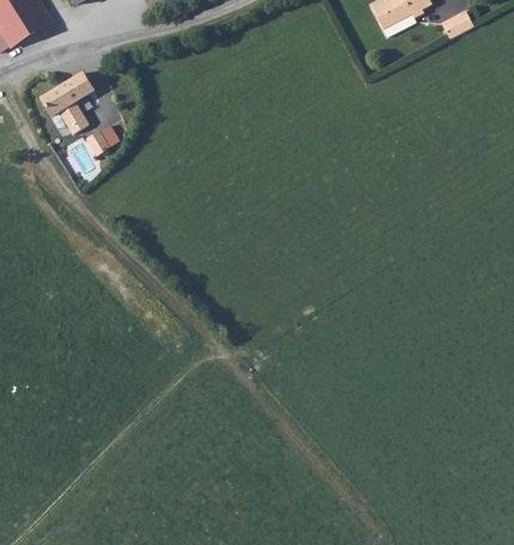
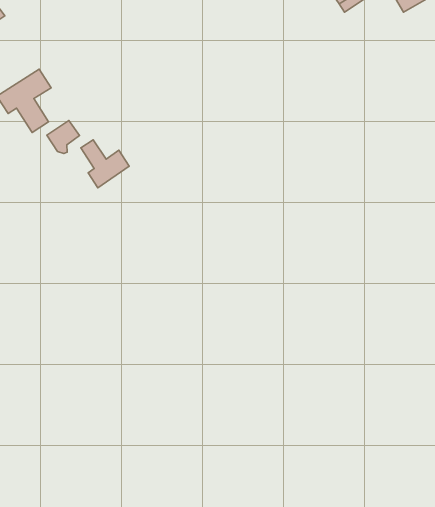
building: none -> [81,140,129,188]

